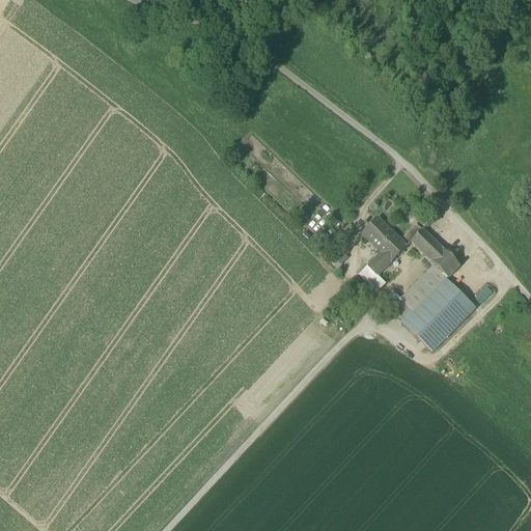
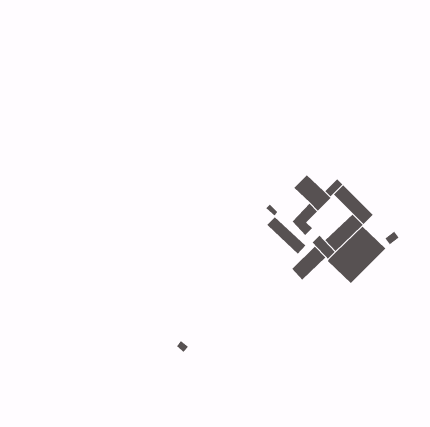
building: none -> [267,216,306,255]
building: none -> [291,246,326,281]

